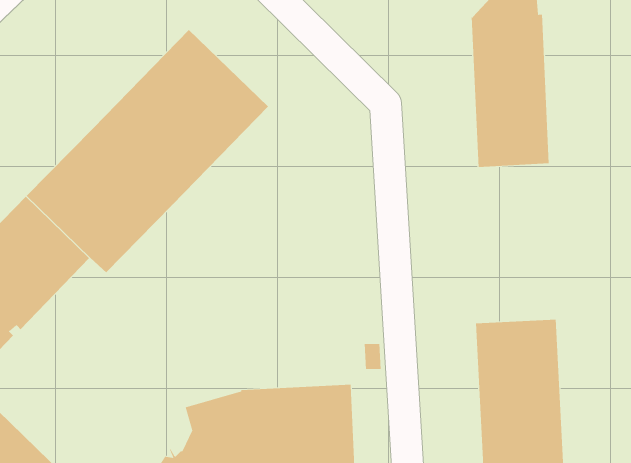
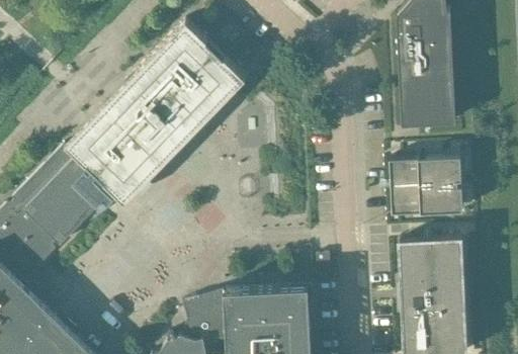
building: none -> [390,159,458,216]

